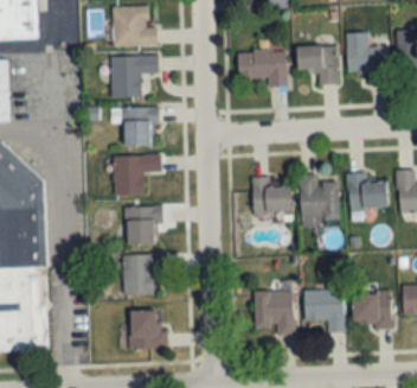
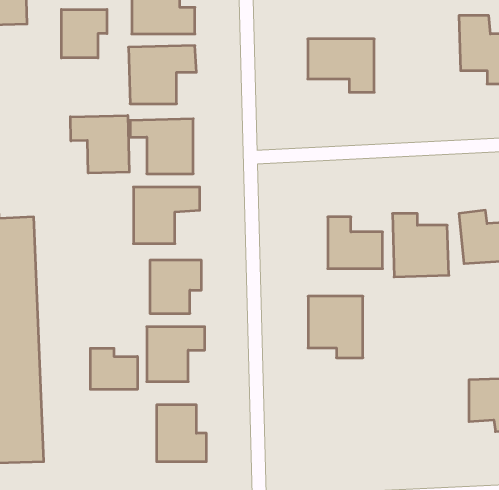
building: none -> [61,9,107,58]
building: [299,46,338,84] -> none
building: none -> [70,115,129,173]
building: none -> [90,348,137,389]
building: [306,290,346,332] -> none
building: [256,291,295,335] -> [308,296,363,358]

